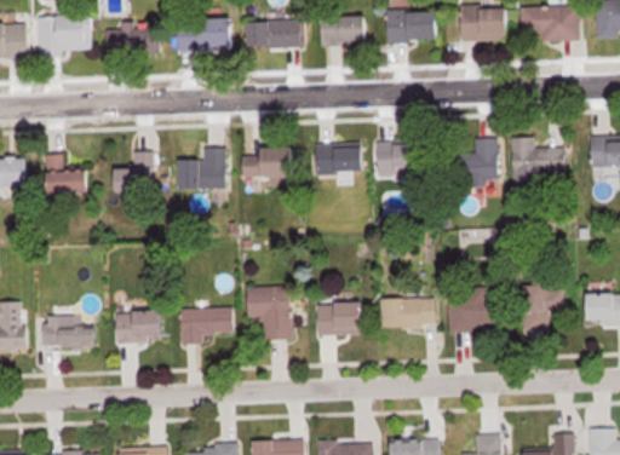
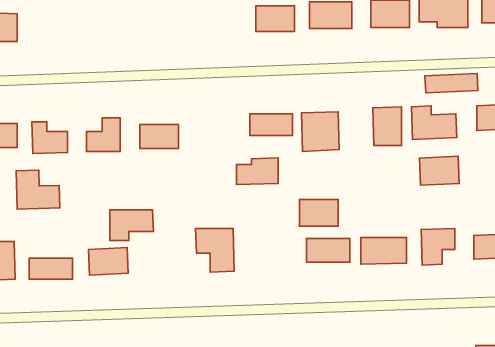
building: [38,15,92,50] -> none
building: [176,17,232,52] -> none
building: [245,18,302,48] -> none
building: [105,22,161,54] -> none
building: none -> [425,74,478,93]
building: [245,148,295,180] -> [237,158,278,184]
building: none -> [419,156,459,185]
building: none -> [16,170,60,209]
building: [317,303,364,335] -> [300,199,338,226]
building: [180,309,234,346] -> [110,210,153,240]

